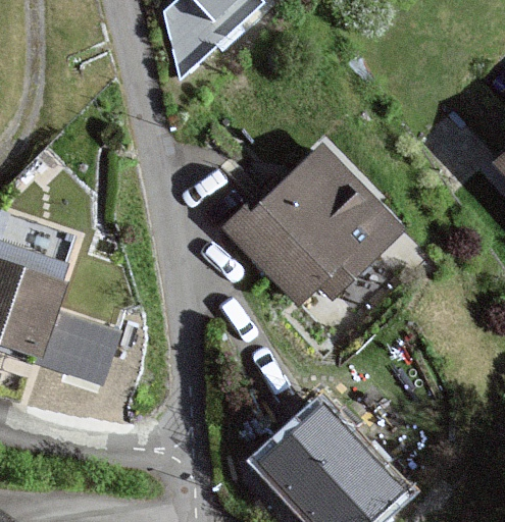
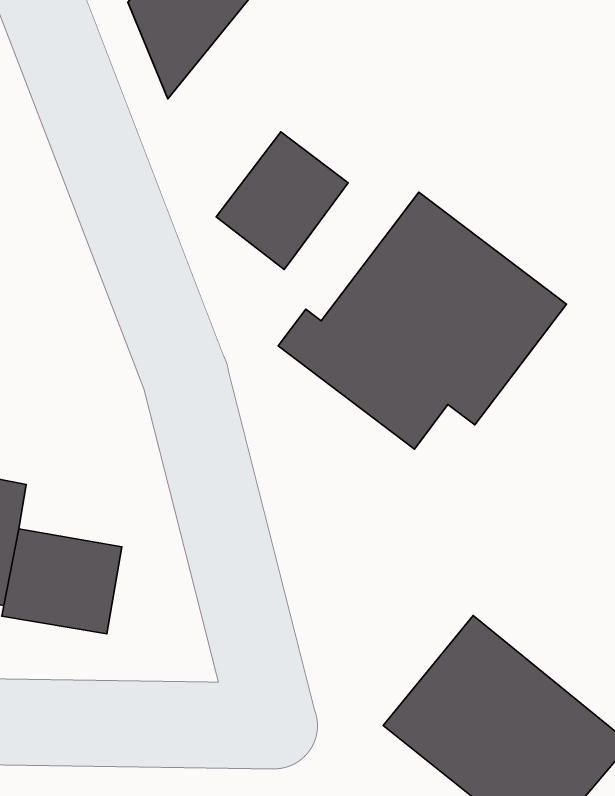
building: none -> [216,132,348,269]

